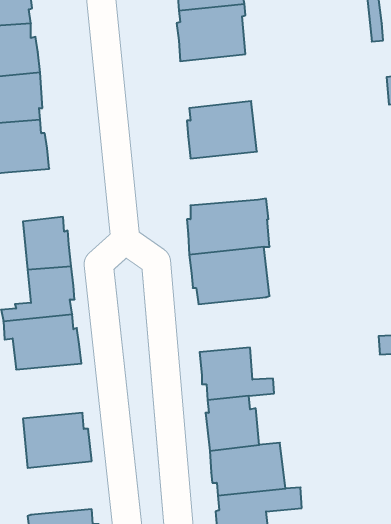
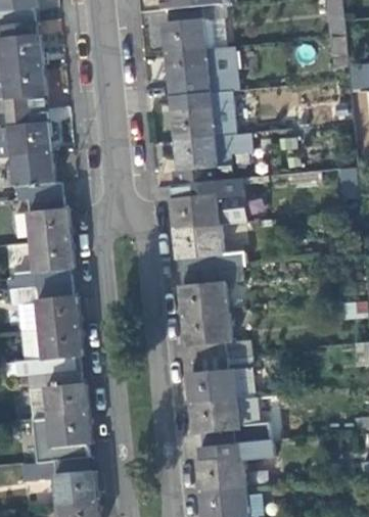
building: none -> [166,48,236,97]
building: none -> [173,134,256,184]
building: none -> [12,151,61,198]
building: none -> [180,266,243,315]
building: none -> [14,325,81,374]
building: none -> [227,351,255,397]
building: none -> [30,412,90,460]

